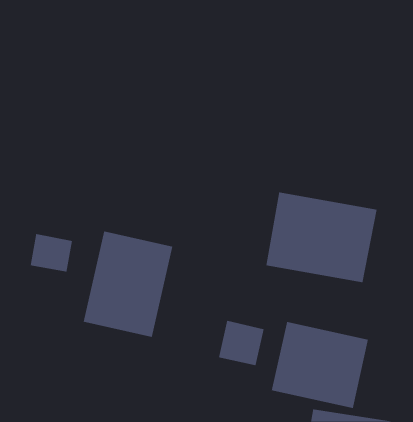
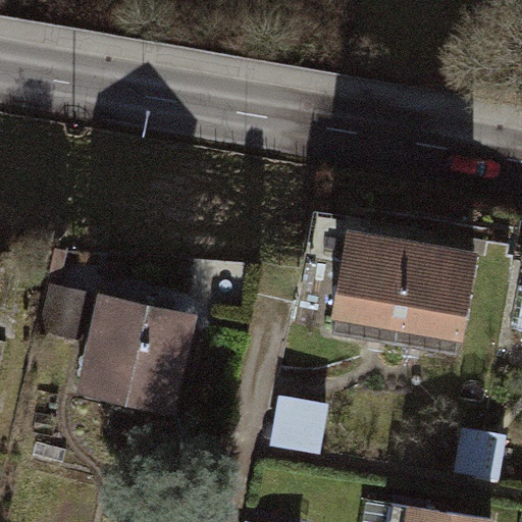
building: [271,321,369,409] -> none

